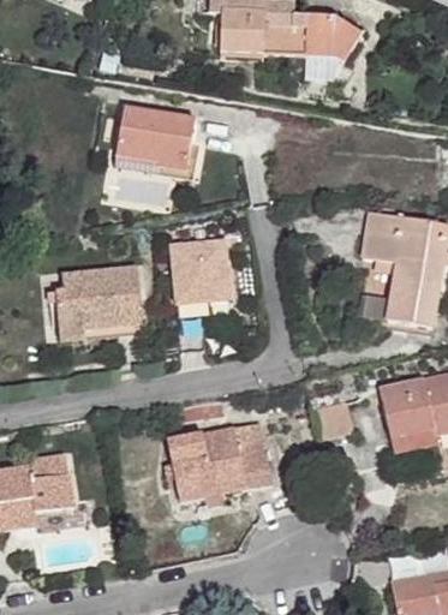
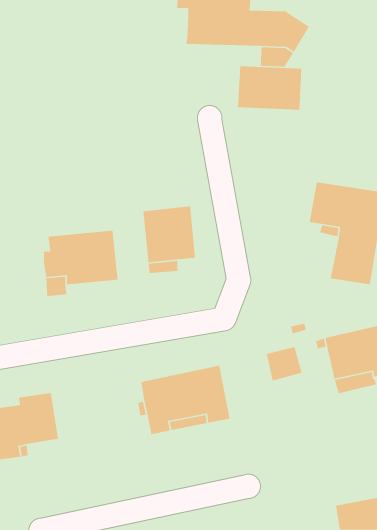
building: none -> [237,66,302,111]
building: [118,106,196,171] -> none

